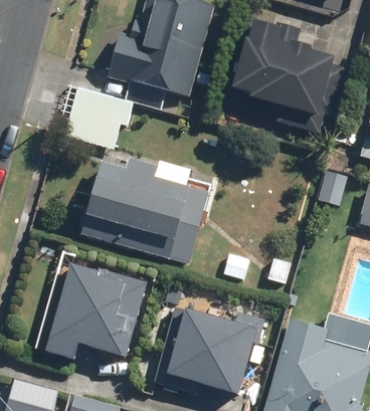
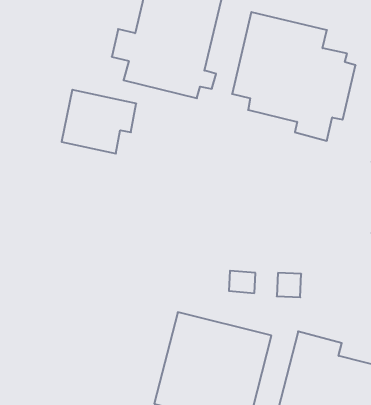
building: [78,155,213,266] -> none
building: [44,261,149,375] -> none

